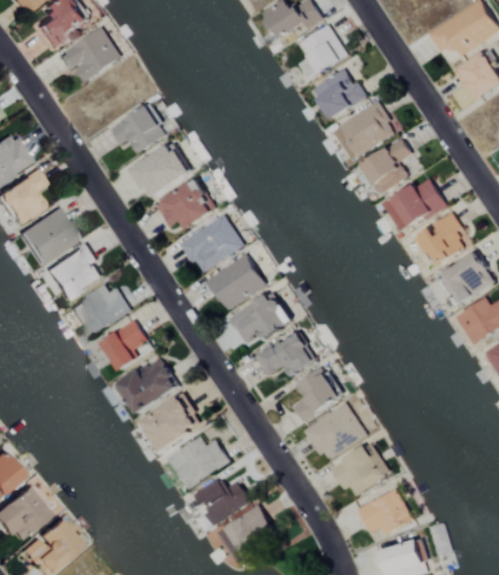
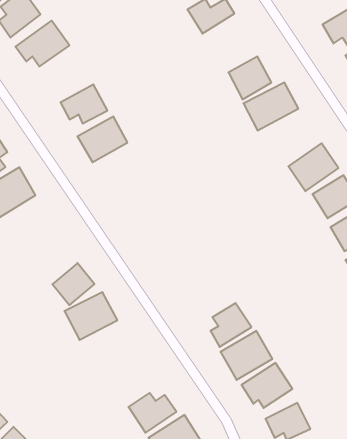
building: [298,25,348,76] -> none
building: [361,139,412,193] -> none
building: [155,178,216,228] -> none
building: [180,215,244,274] -> none
building: [42,244,104,301] -> none
building: [205,254,266,310] -> none
building: [66,285,130,338] -> none
building: [230,292,290,345] -> none
building: [256,332,314,377] -> none
building: [140,394,202,452] -> none
building: [167,437,230,488] -> none

